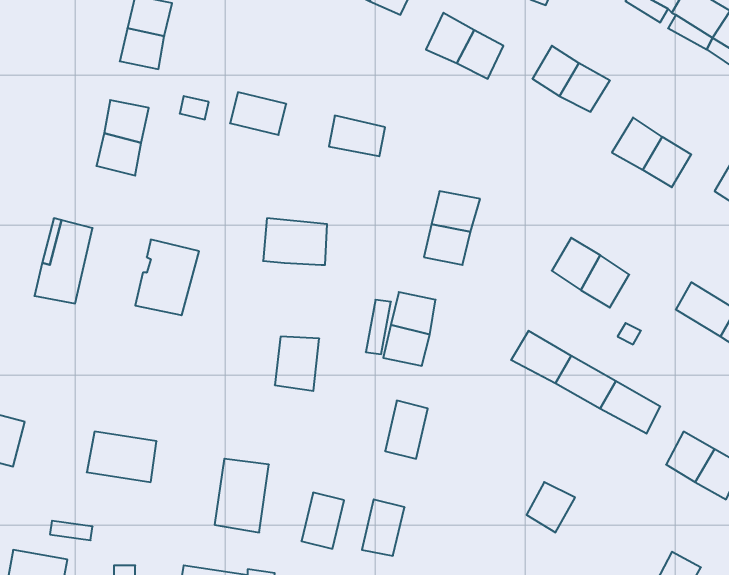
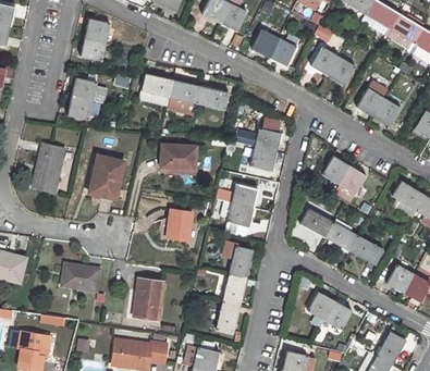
building: none -> [169,79,200,103]
building: [301,493,344,549] -> [222,274,246,306]
building: none -> [324,300,352,329]

